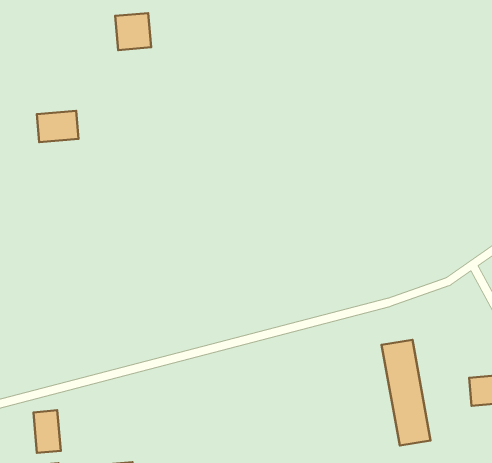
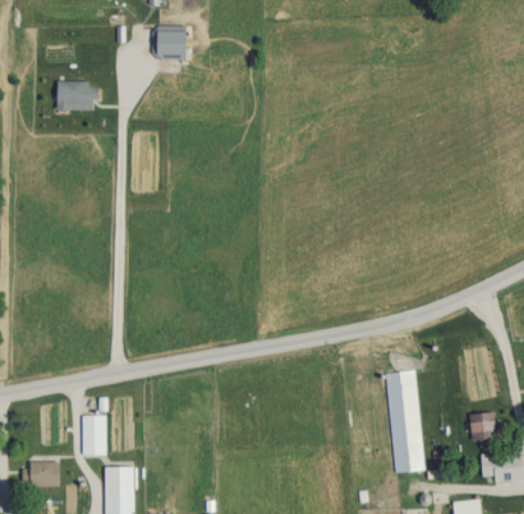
building: [37,111,79,142] -> [54,82,93,110]
building: [33,410,61,453] -> [82,415,105,455]

